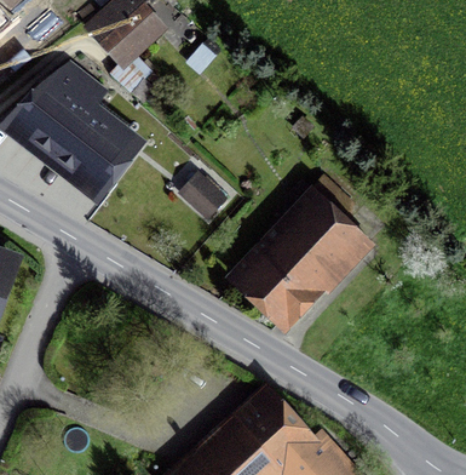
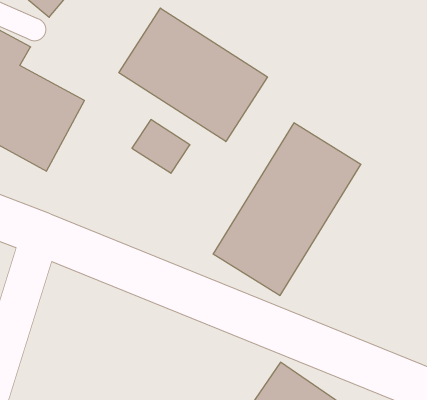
building: none -> [119,8,267,142]

